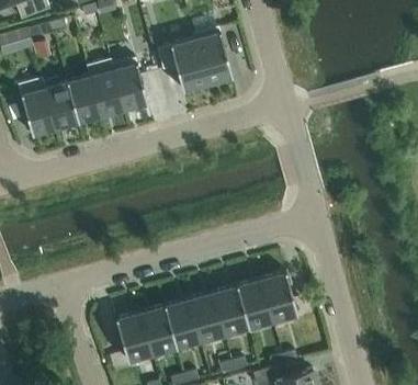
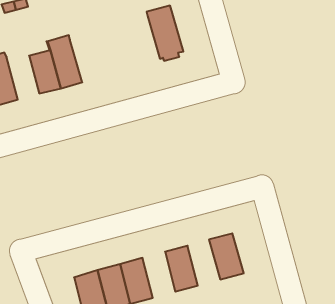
building: [157,39,207,92] -> none
building: [111,58,147,111] -> none
building: [43,79,78,129] -> none
building: [237,280,272,329] -> none
building: [189,293,224,342] -> none

